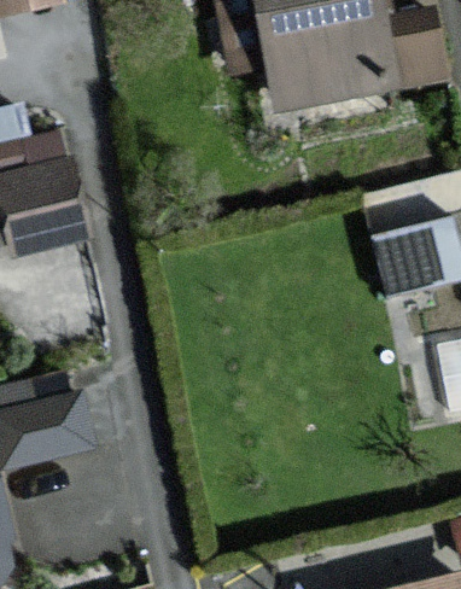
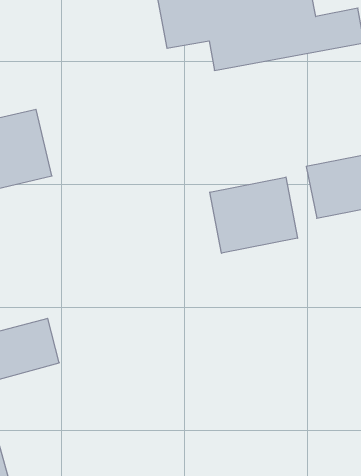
building: none -> [210,177,298,253]

